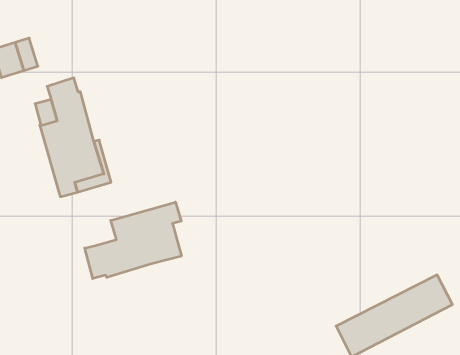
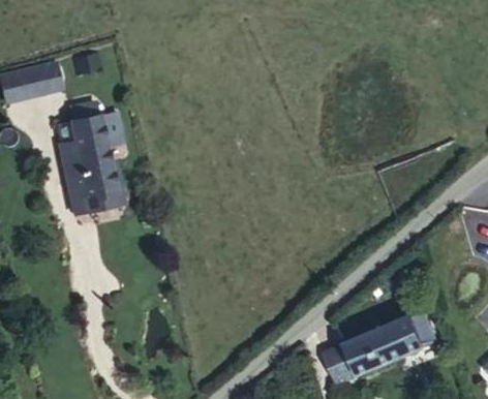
building: [85,202,181,279] -> none

